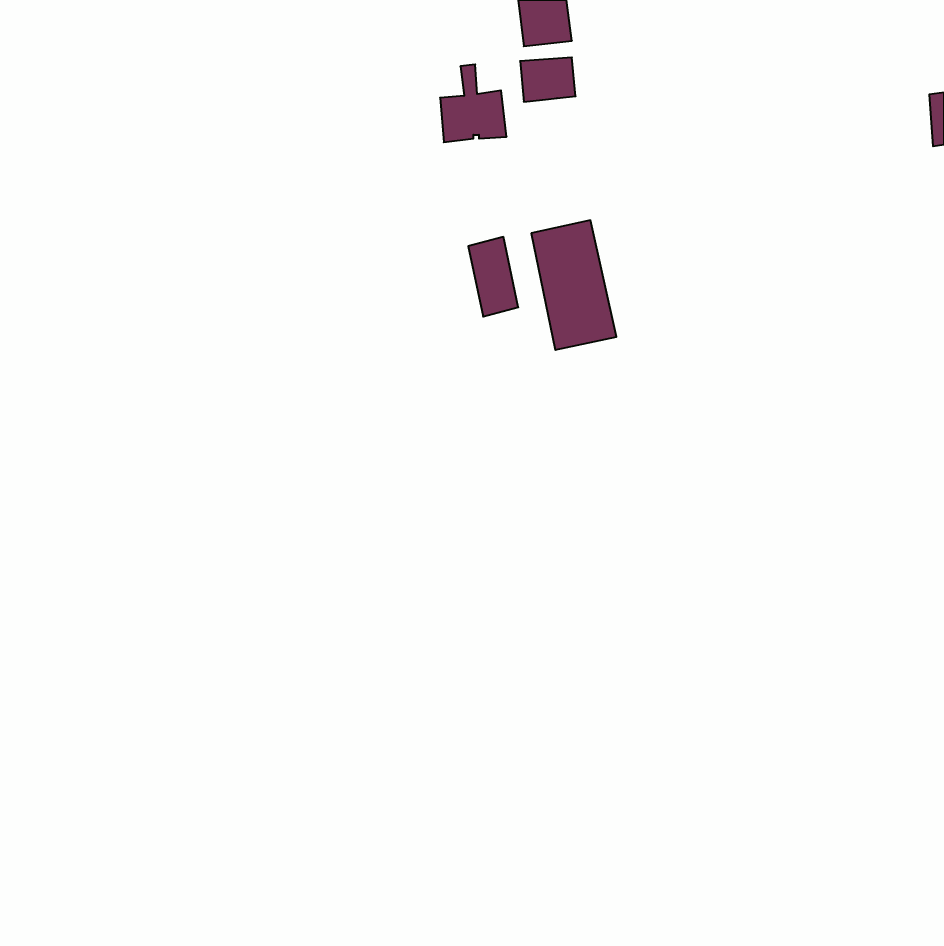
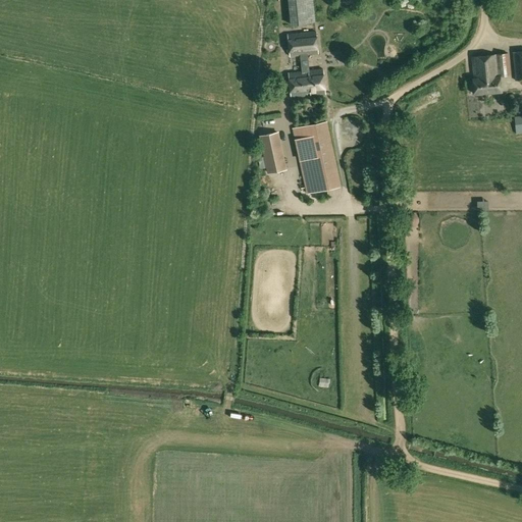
building: [440,64,507,142] -> [288,54,324,97]
building: none -> [471,53,509,94]

